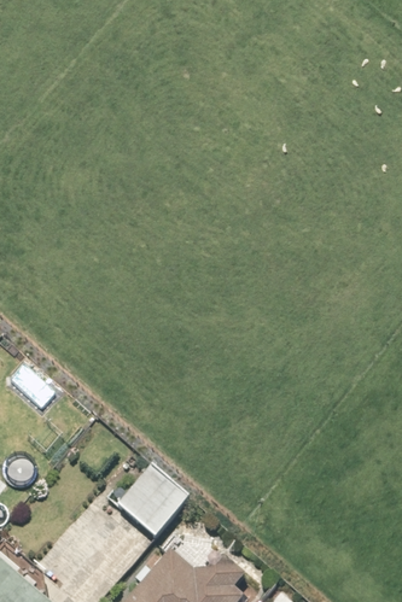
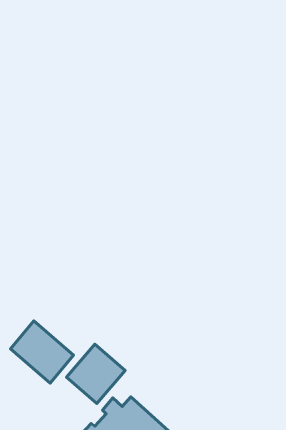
building: none -> [10,321,74,383]

